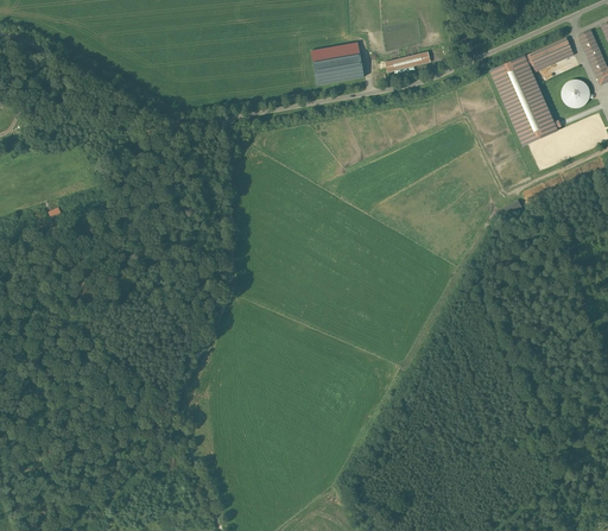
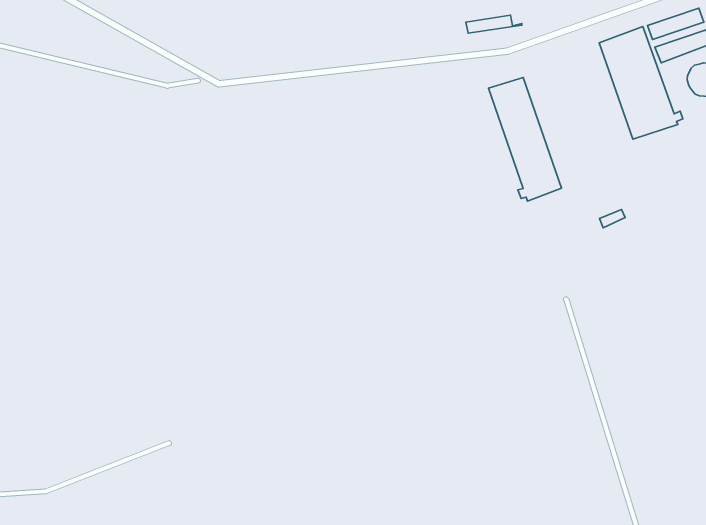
building: [312,52,363,84] -> none
building: none -> [489,78,562,201]

